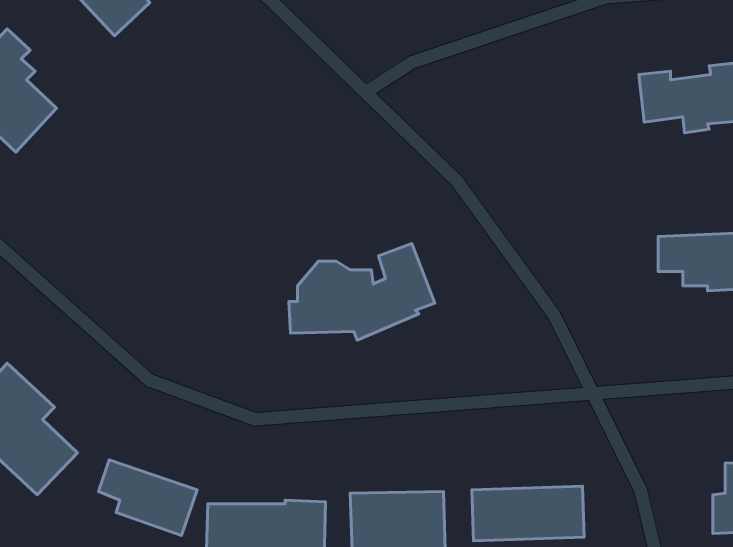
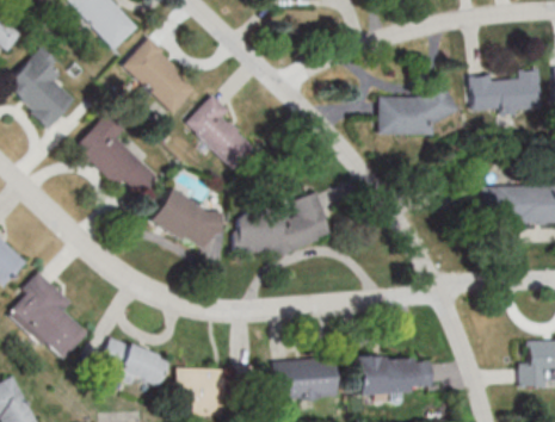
building: none -> [119,33,192,112]
building: none -> [377,81,460,135]
building: none -> [186,95,255,170]
building: none -> [74,114,158,194]
building: none -> [146,187,222,249]

